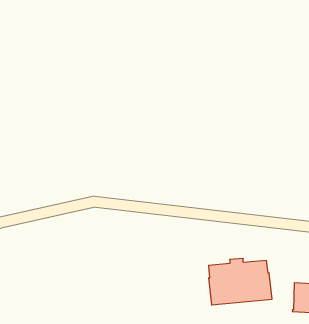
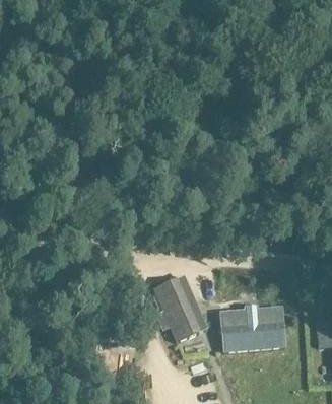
building: none -> [153,277,203,341]

